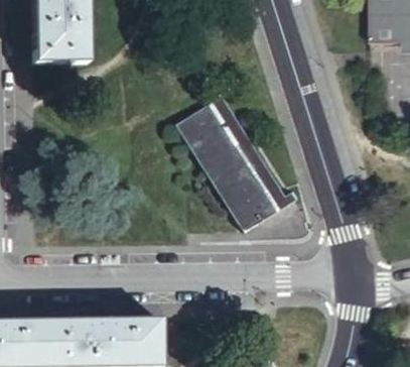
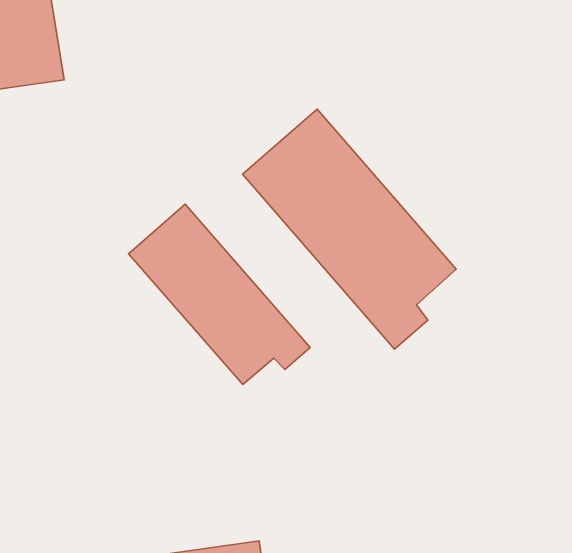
building: none -> [129,204,310,385]

